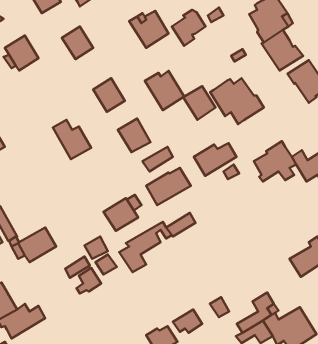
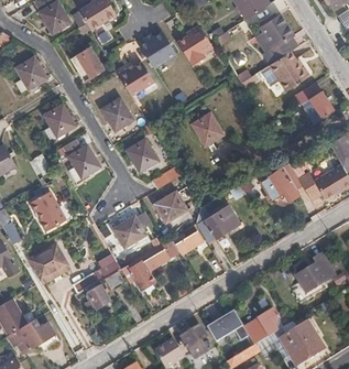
building: [145,71,184,110] -> [118,63,156,101]
building: [210,78,264,124] -> none
building: none -> [44,104,77,140]
building: [194,143,236,176] -> [197,210,239,242]
building: none -> [25,184,67,234]

